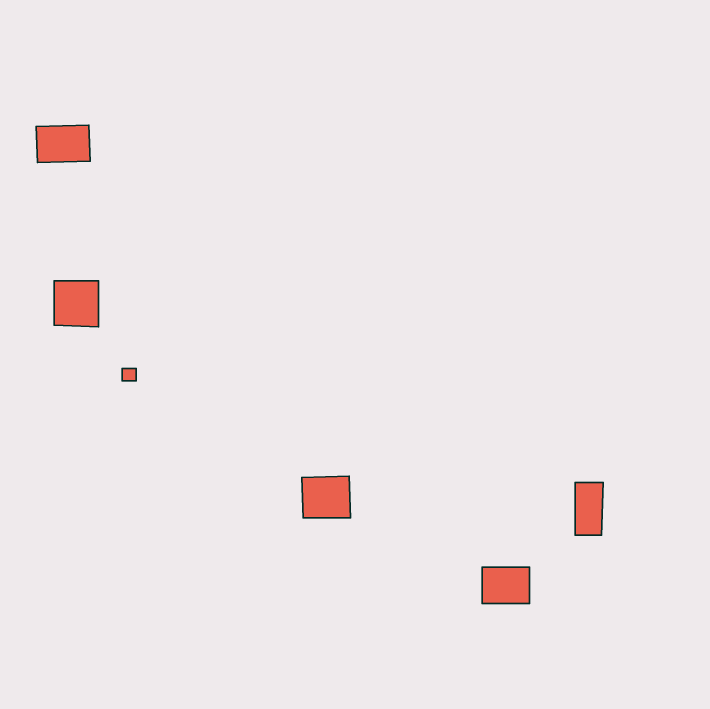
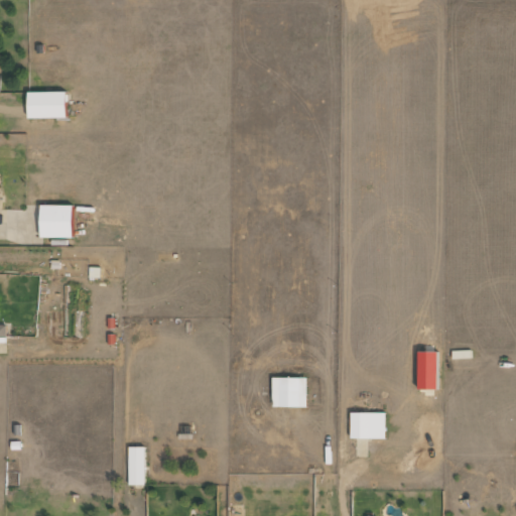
building: [302,476,350,518] -> [271,377,306,407]
building: none -> [128,447,144,486]

